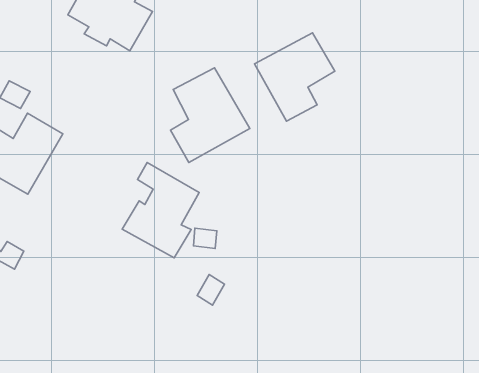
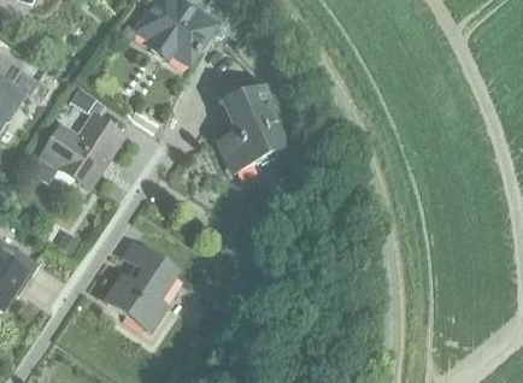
building: [254,33,335,121] -> none
building: [122,163,199,258] -> [105,242,176,329]

